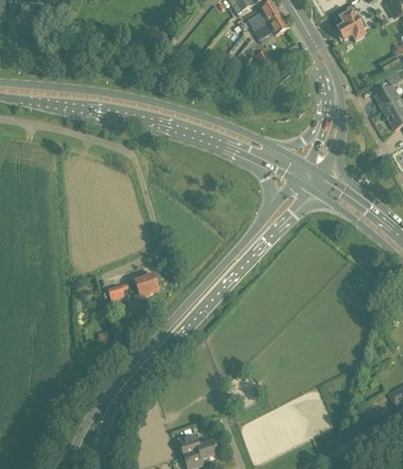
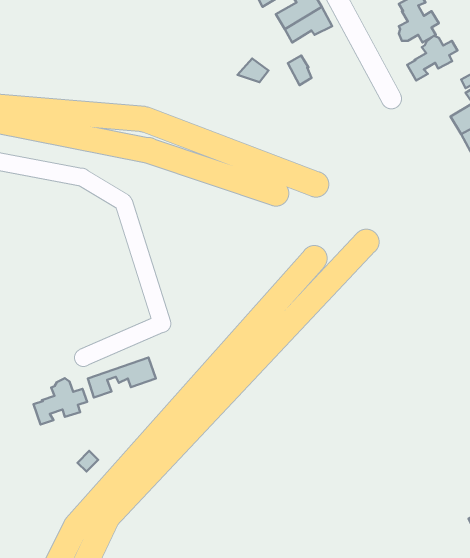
building: none -> [407,36,458,81]
building: none -> [34,378,87,424]

